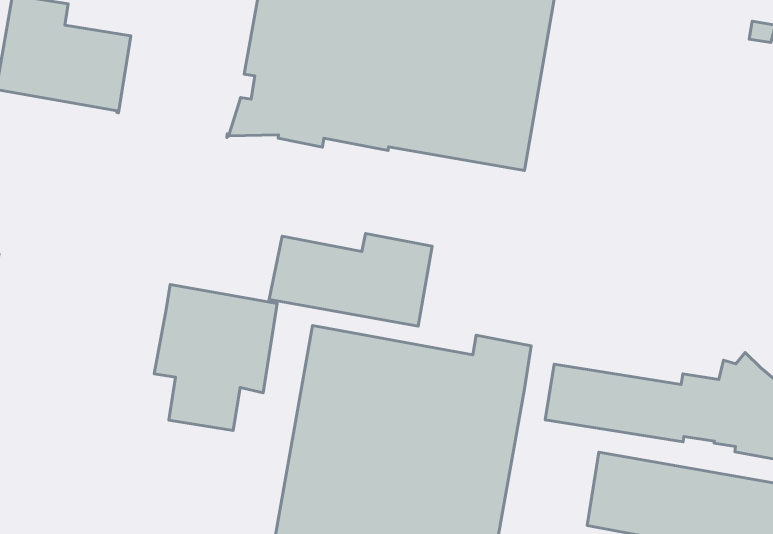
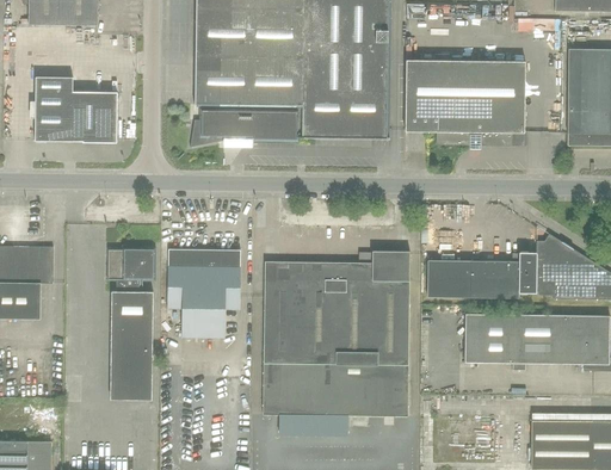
building: none -> [405,58,525,148]
building: [269,233,432,326] -> none
building: none -> [109,248,154,400]

